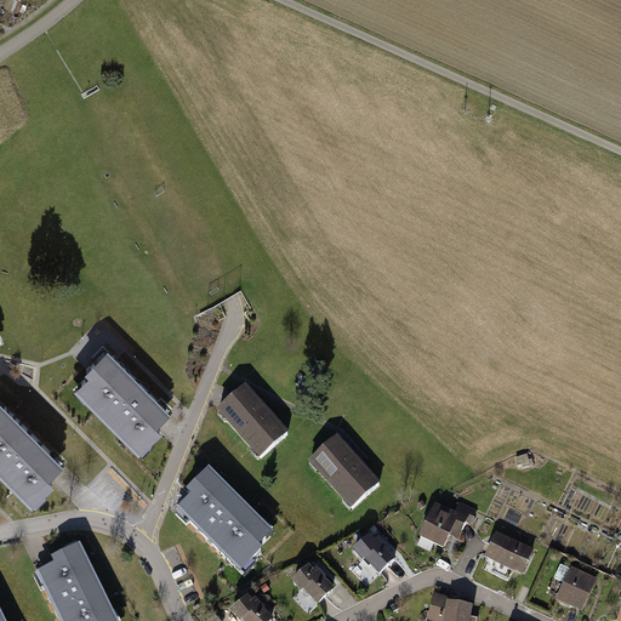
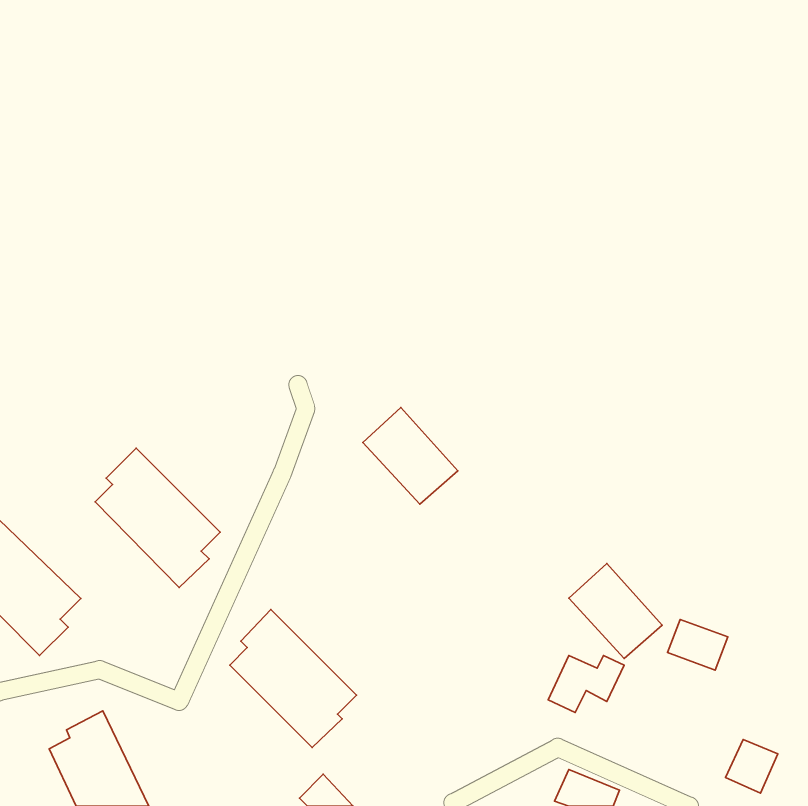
building: [217,386,290,460] -> [363,408,458,504]
building: [309,437,381,509] -> [569,563,662,658]
building: [484,531,530,570] -> [668,619,728,670]
building: [352,532,394,574] -> none
building: [290,563,331,605] -> none

